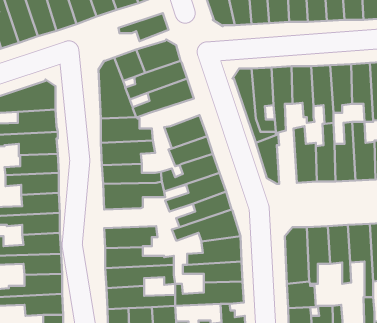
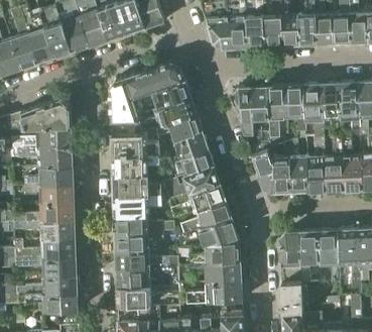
building: [119,13,168,41] -> [156,116,202,141]
building: none -> [272,143,290,194]
building: none -> [115,216,173,234]

